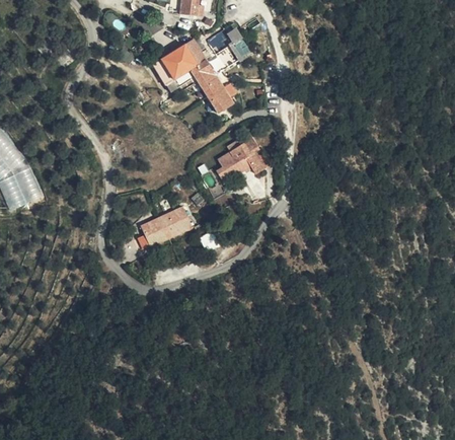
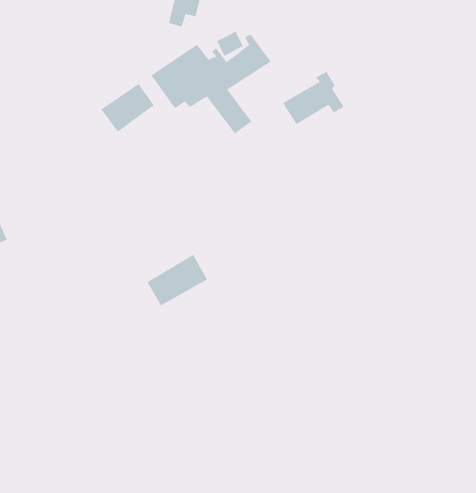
building: none -> [101,83,154,132]
building: [216,133,266,175] -> [282,71,345,125]

